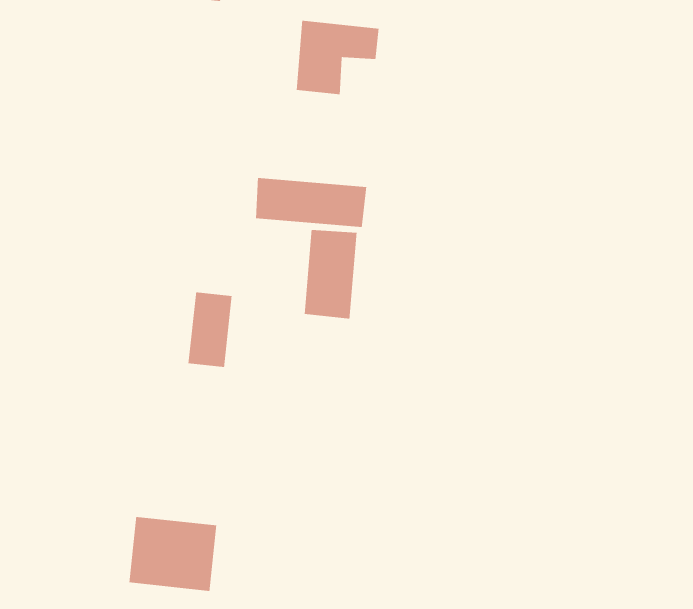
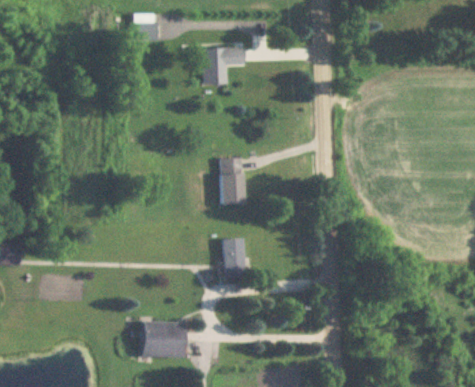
building: [255,177,367,228] -> none
building: [188,291,233,368] -> [224,238,244,277]

